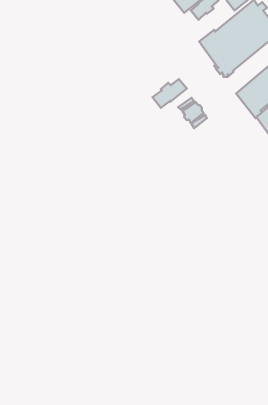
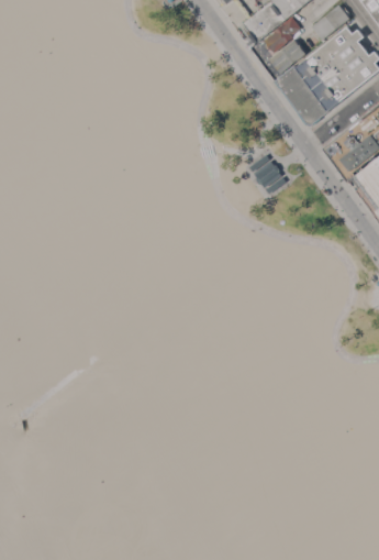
building: none -> [272,37,308,70]
building: [152,79,187,108] -> none

